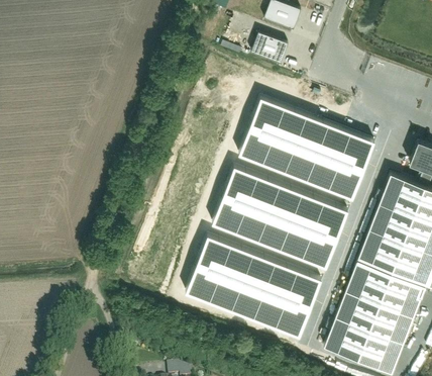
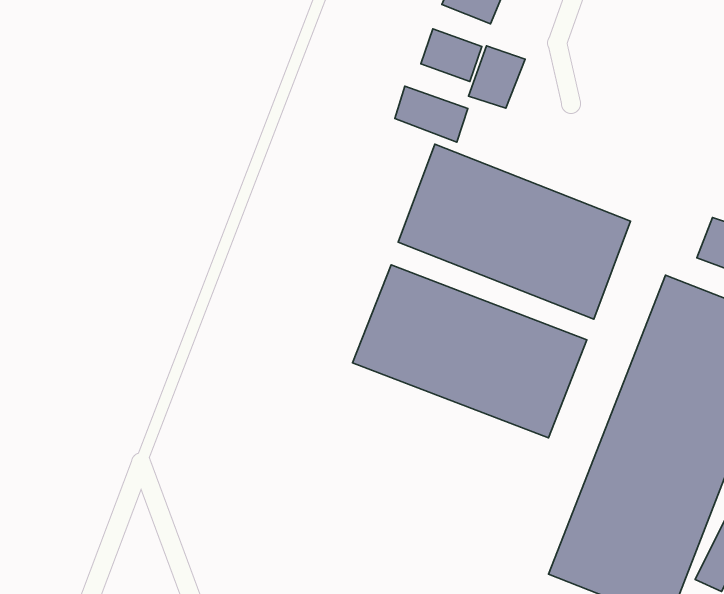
building: none -> [468,46,525,108]
building: none -> [395,86,468,142]
building: [186,236,321,336] -> none

